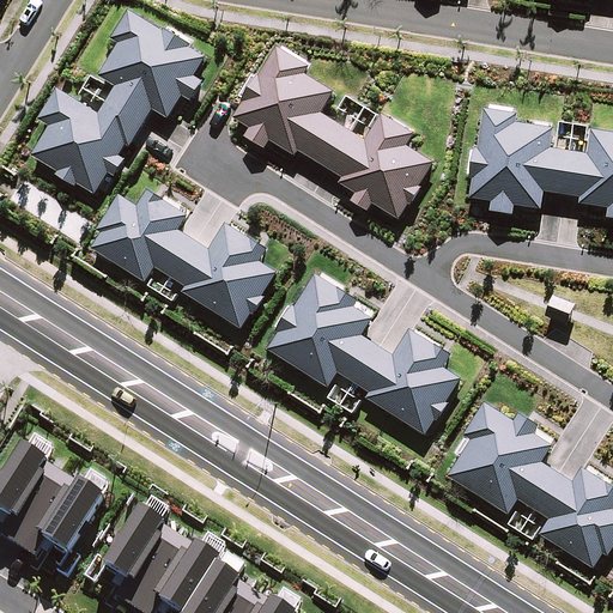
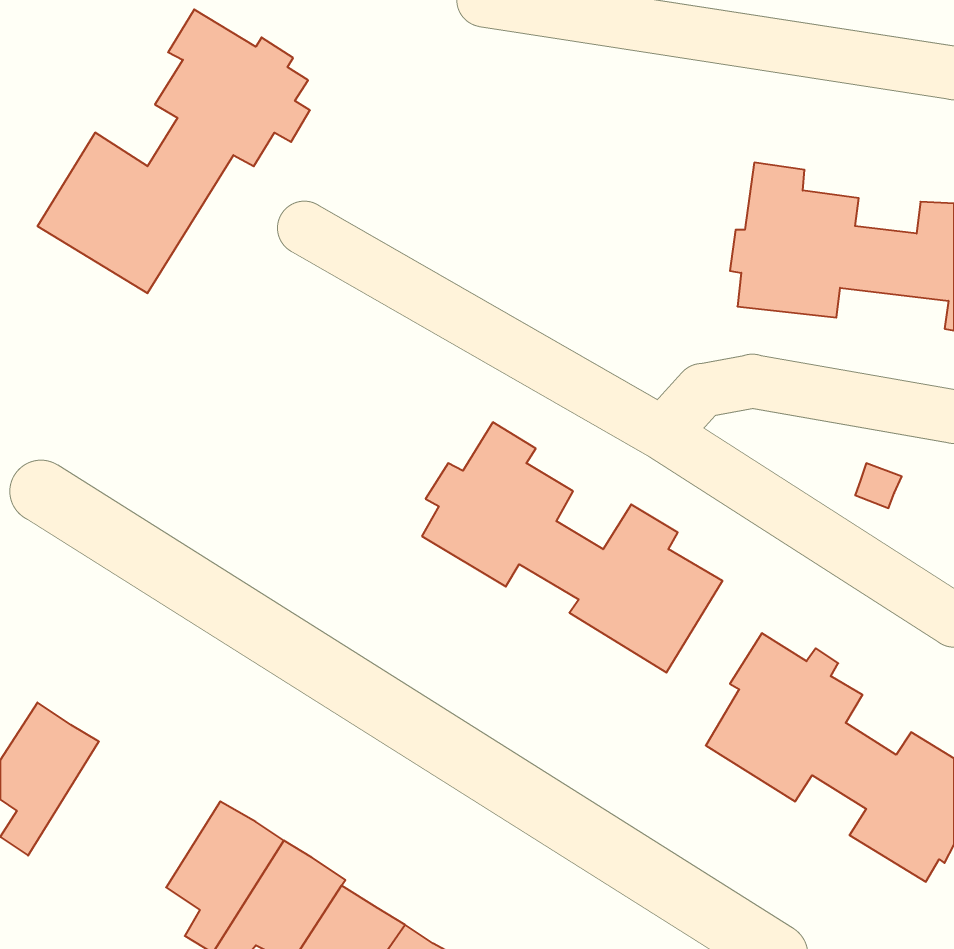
building: [232,47,429,217] -> none
building: [83,192,278,334] -> none
building: [18,479,104,563] -> none

